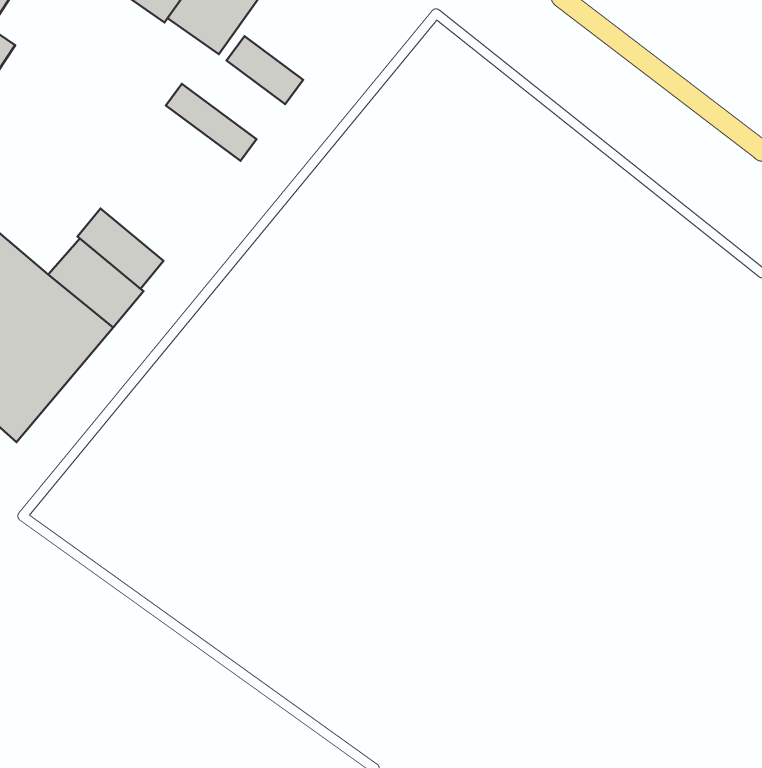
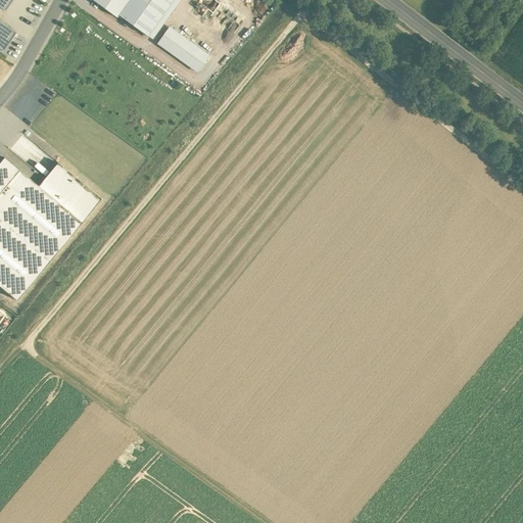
building: [166,84,256,161] -> none
building: [78,208,164,289] -> none

